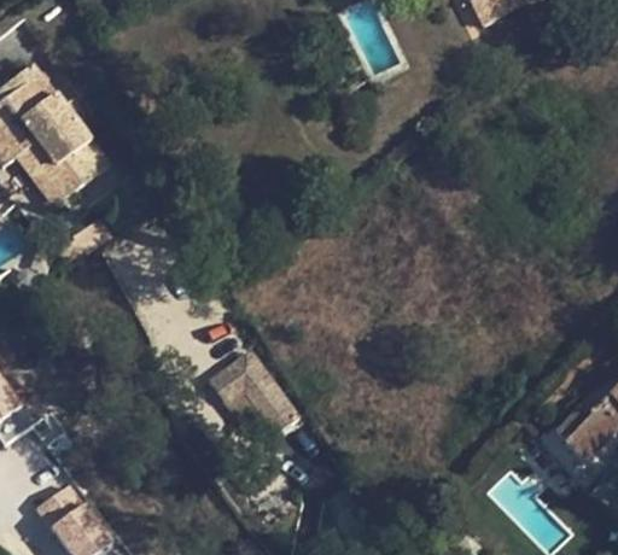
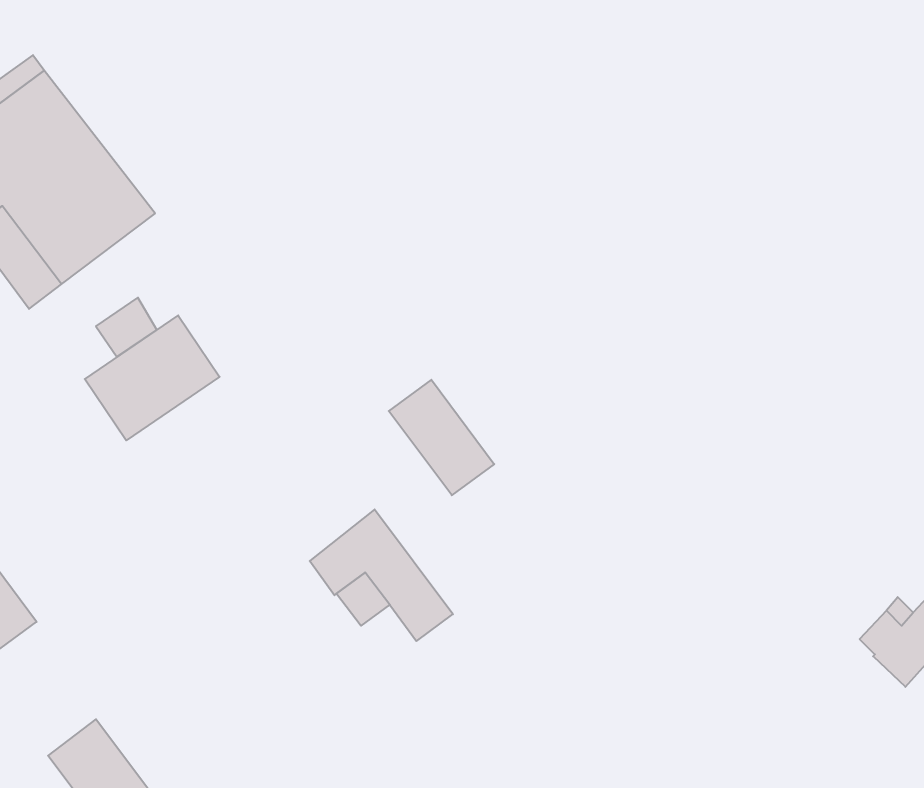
building: none -> [85,315,220,440]
building: none -> [389,380,494,495]

